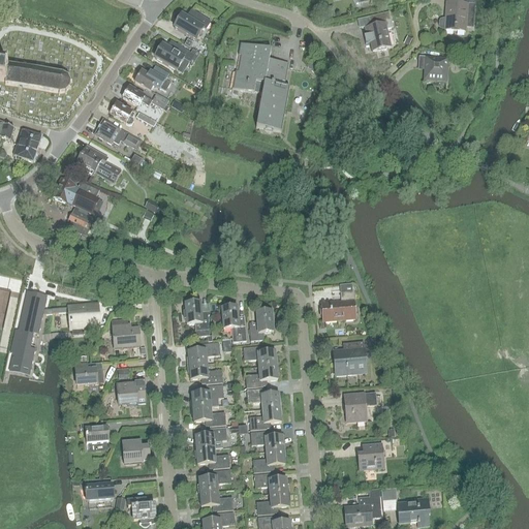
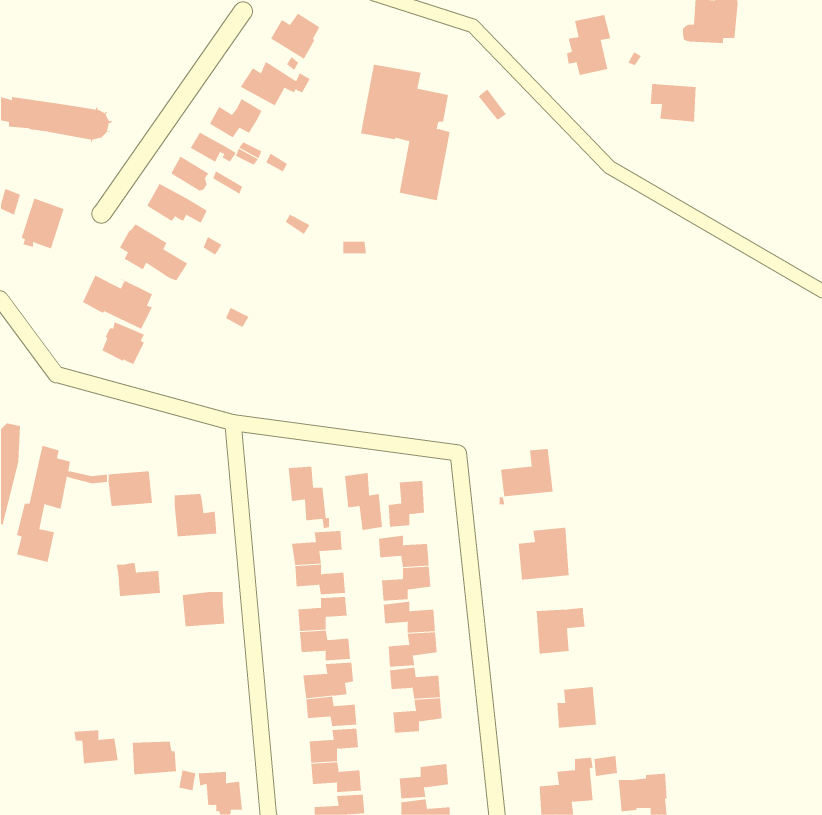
building: [80,419,108,441] -> [73,730,118,764]
building: [122,438,150,461] -> none
building: [253,471,287,493] -> none

